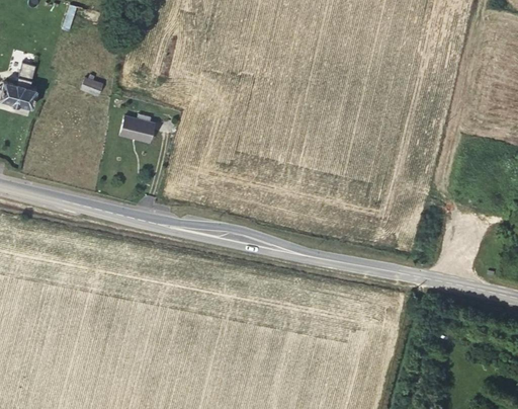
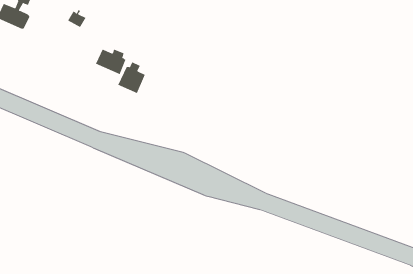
building: none -> [118,61,146,94]

